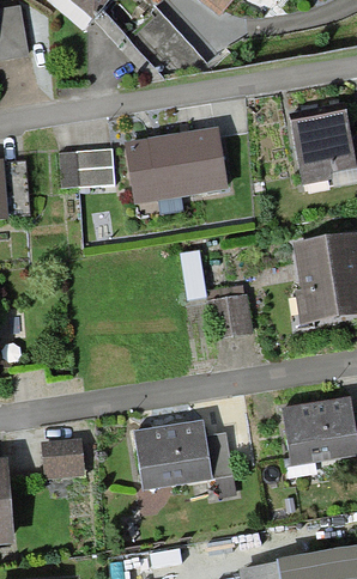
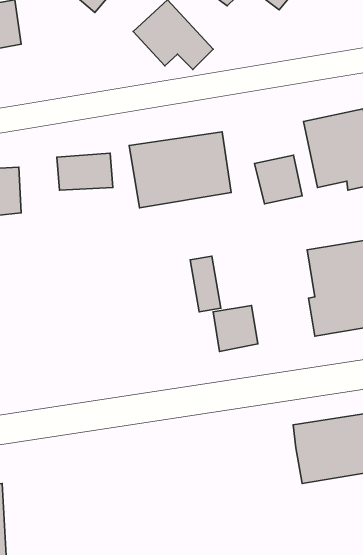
building: none -> [254,155,302,204]
building: [139,423,231,490] -> none
building: [41,438,80,477] -> none

